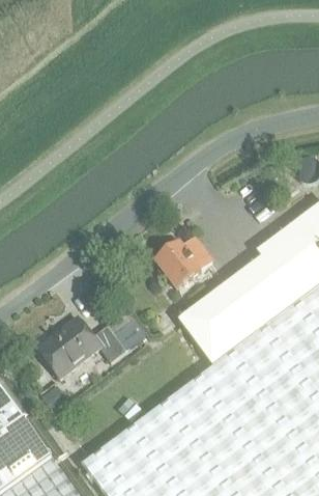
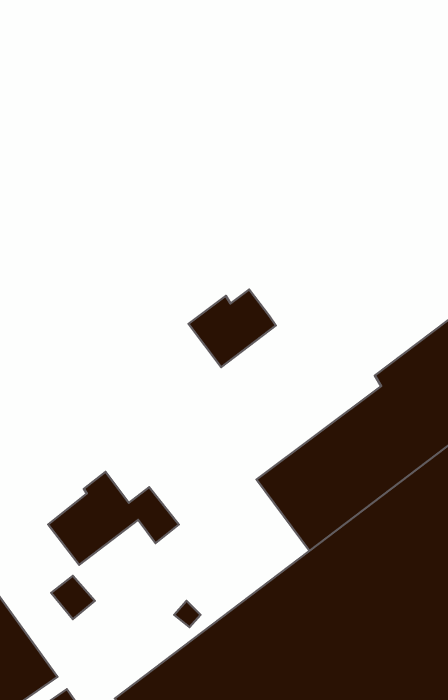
building: [155,237,213,288] -> [189,290,276,367]
building: [108,311,146,351] -> none

